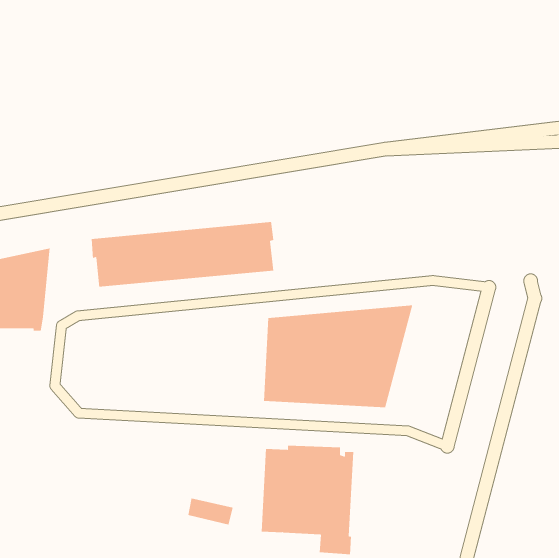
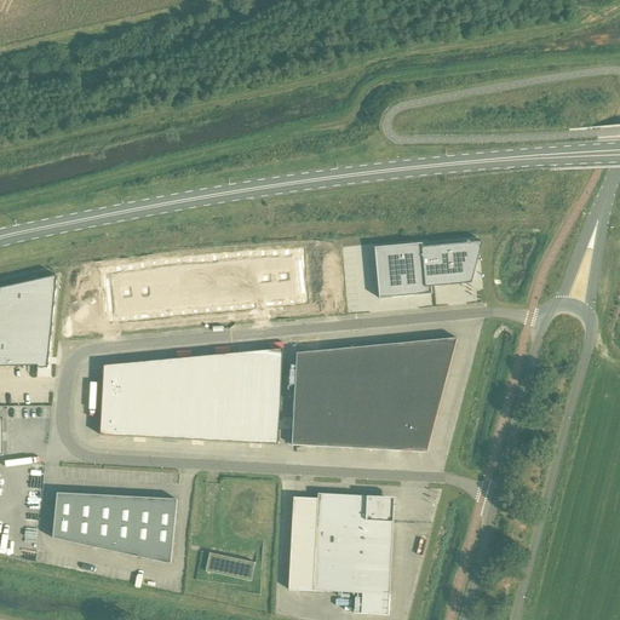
building: none -> [383,240,476,291]
building: none -> [99,348,282,442]
building: none -> [52,492,176,562]

